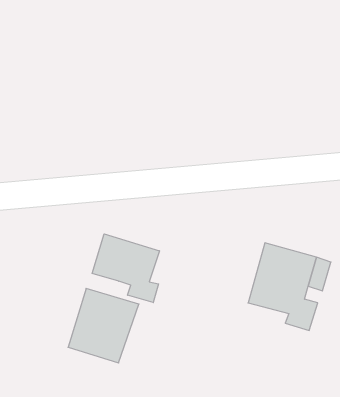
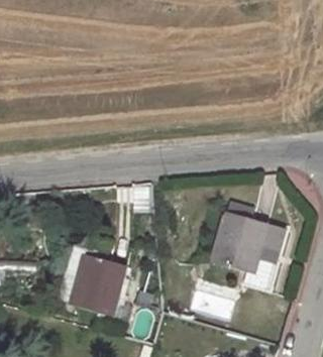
building: [92,234,159,303] -> none

